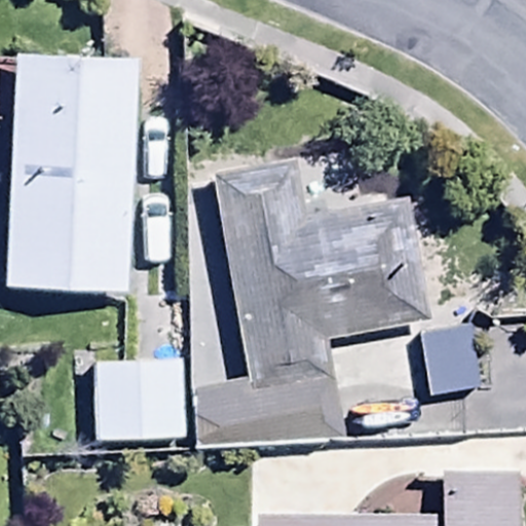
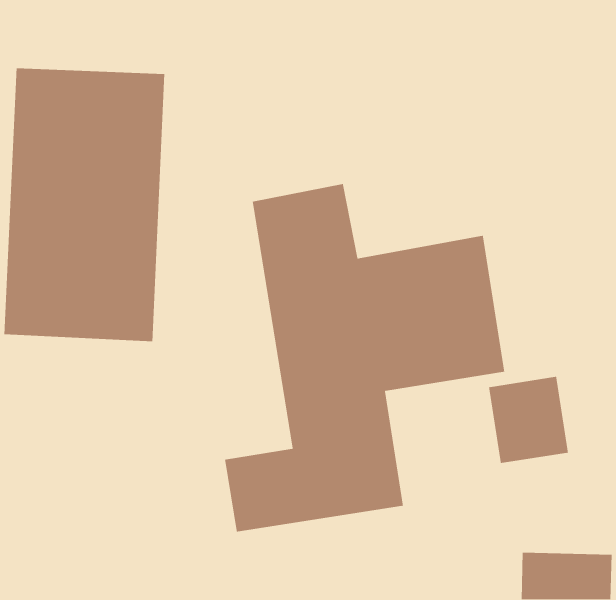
building: [93,360,183,442] -> none

